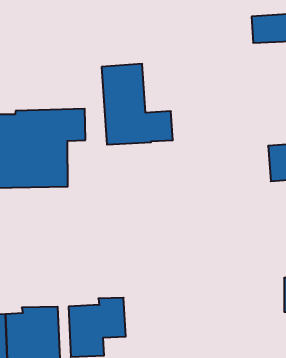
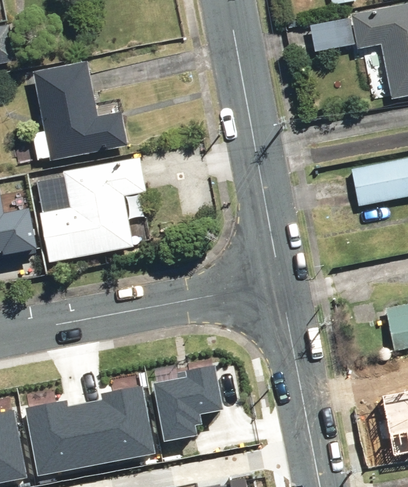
building: [102,64,173,145] -> [35,67,127,163]

